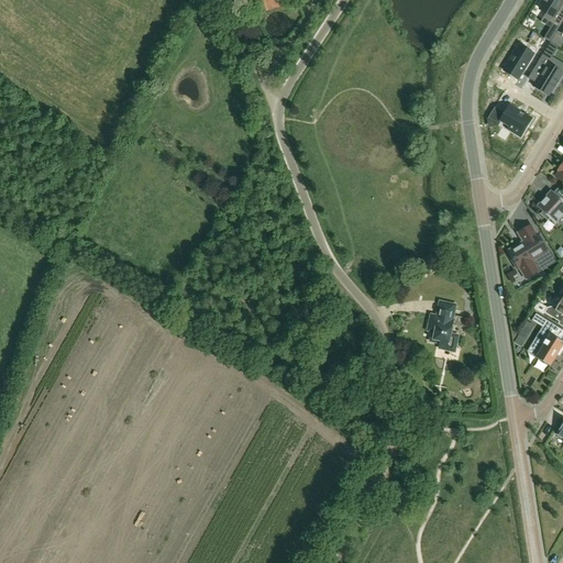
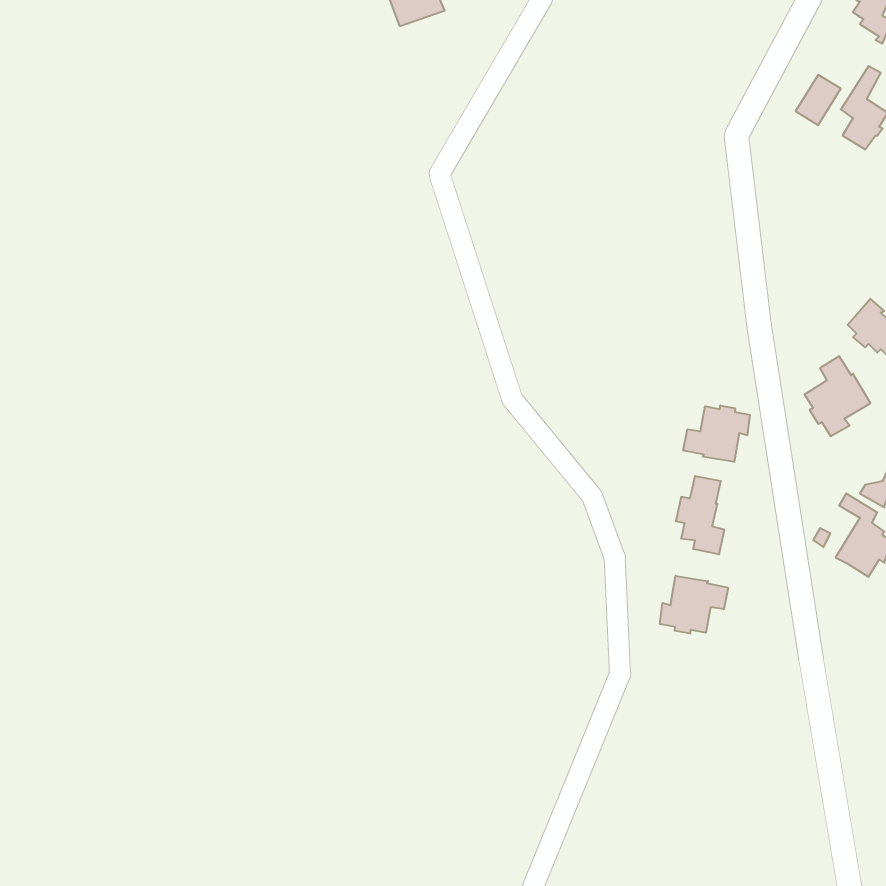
building: [489,104,532,134] -> none
building: none -> [683,405,750,462]
building: none -> [660,576,728,634]

